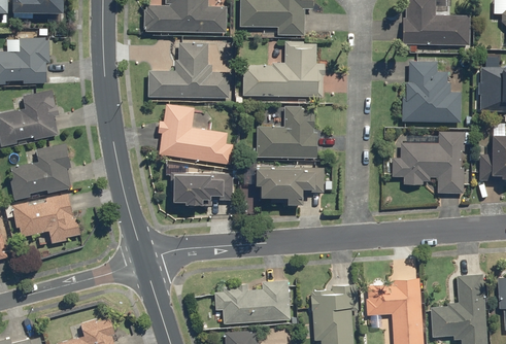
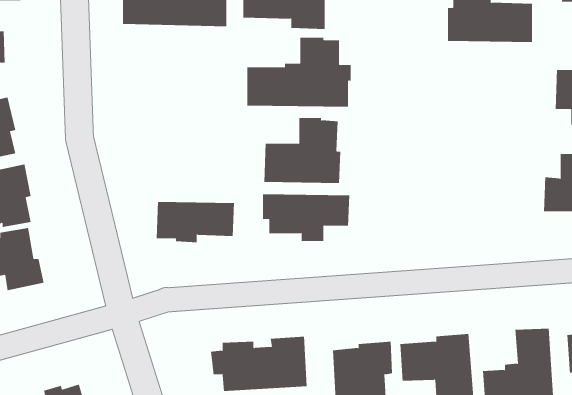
building: [147,43,230,99] -> none
building: [401,61,462,124] -> none
building: [158,104,234,165] -> none
building: [392,132,465,194] -> none

